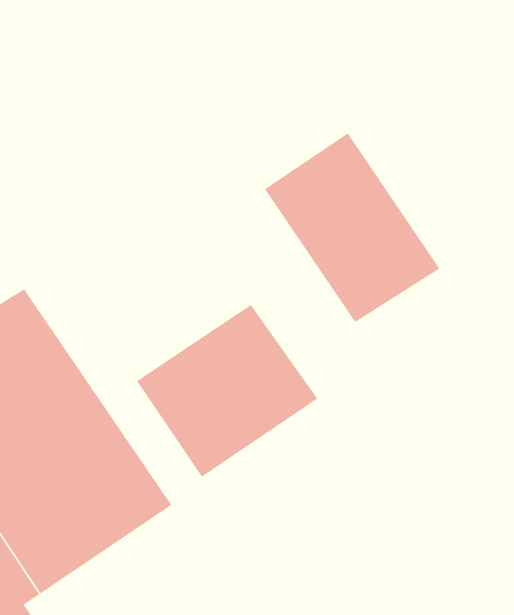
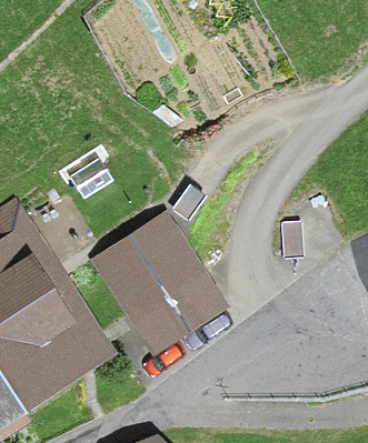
building: [264,132,440,323] -> none

